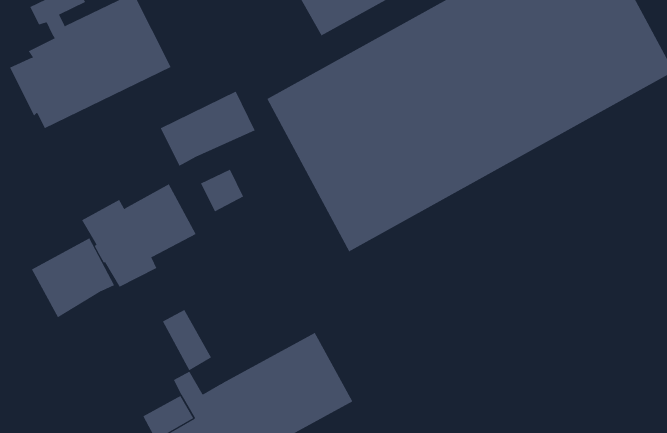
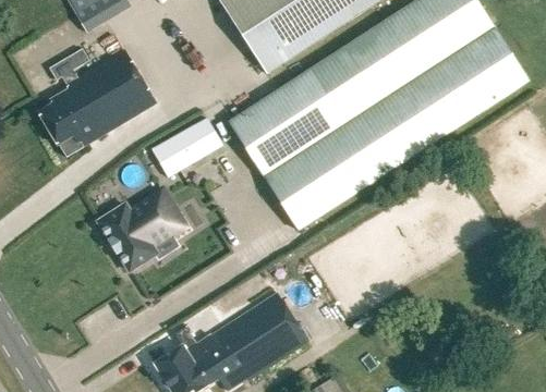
building: [200,169,244,212] -> none
building: [31,238,115,318] -> none
building: [162,309,212,371] -> none

